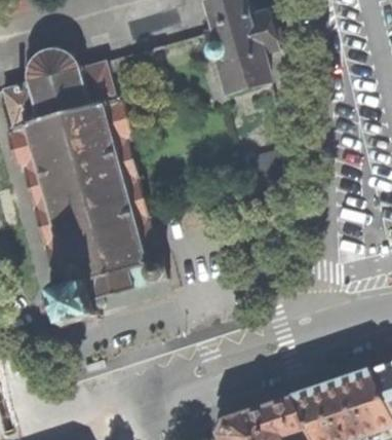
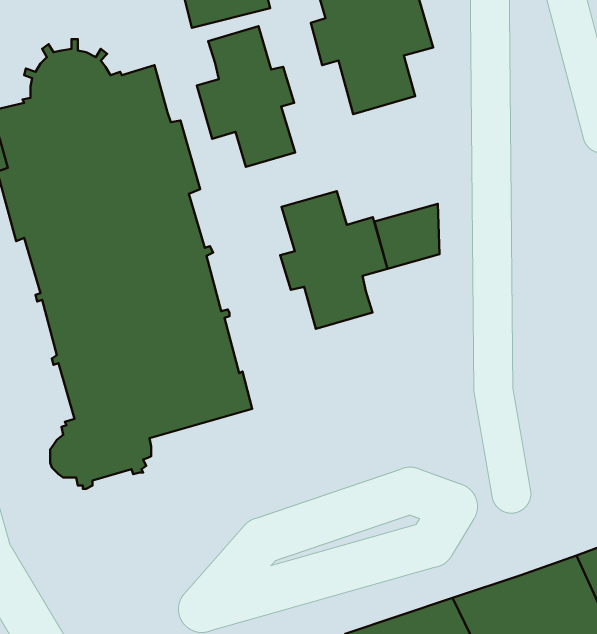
building: none -> [197,26,295,167]
building: none -> [280,191,387,329]

